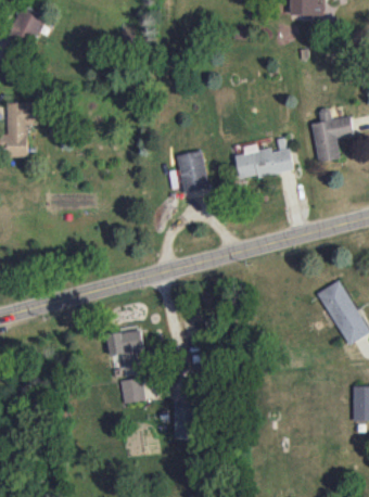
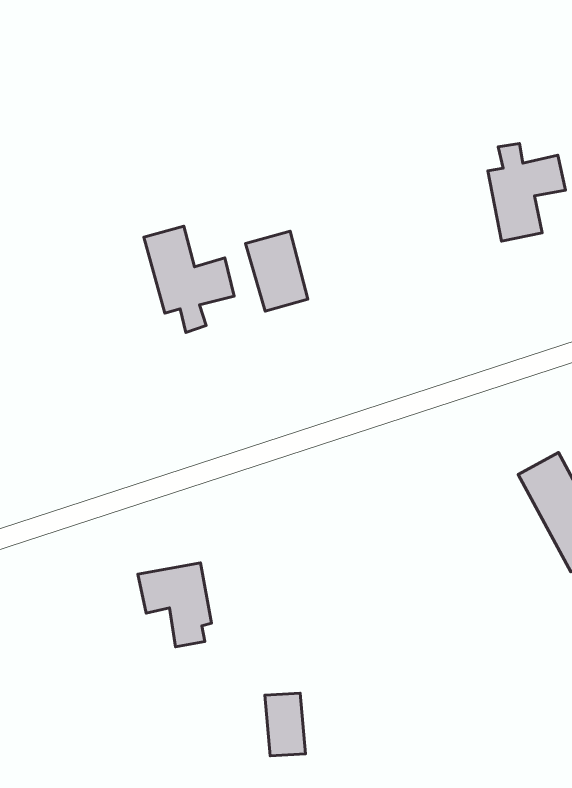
building: none -> [144,226,234,332]
building: [236,149,294,180] -> none
building: [120,378,144,403] -> none

